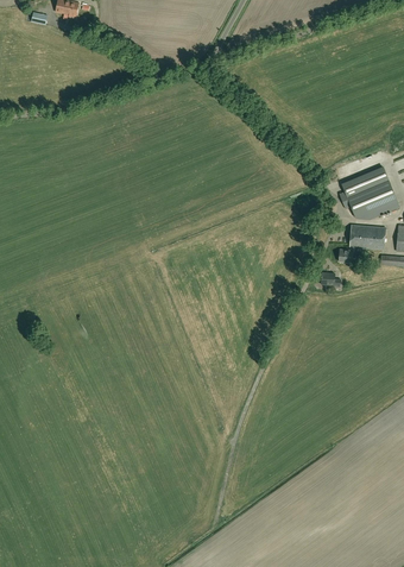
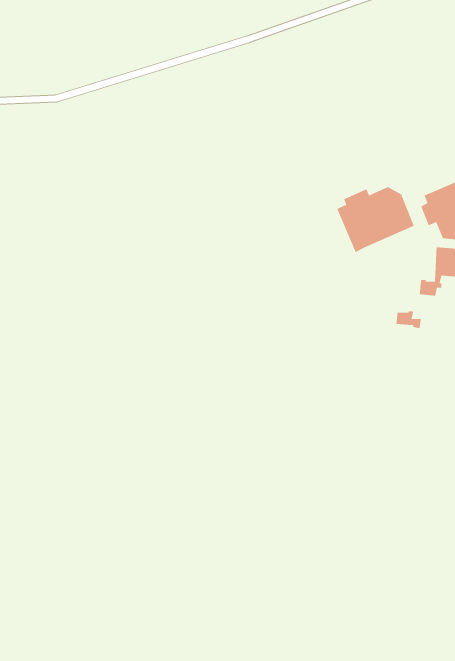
building: none -> [336,186,415,253]

